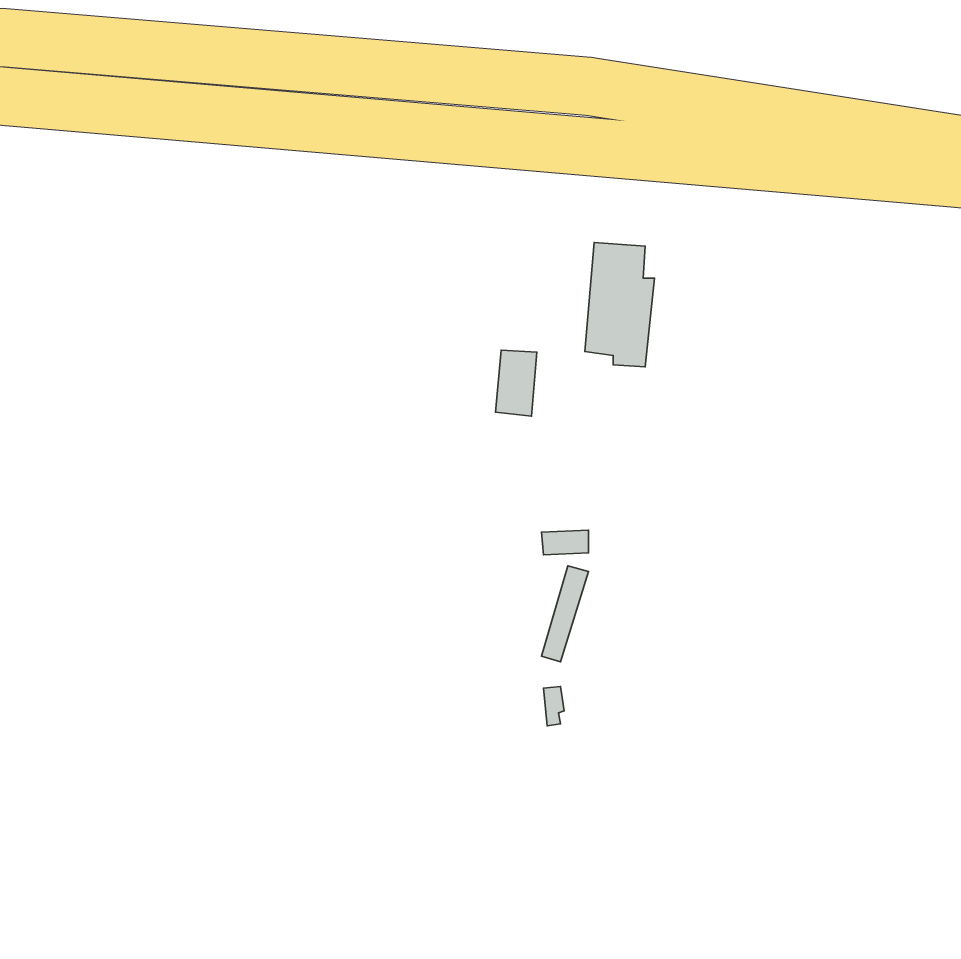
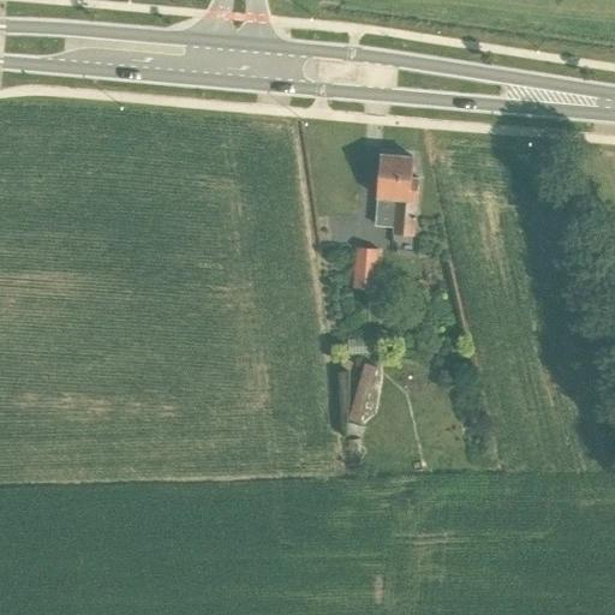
building: [496,350,537,416] -> [351,247,377,289]

